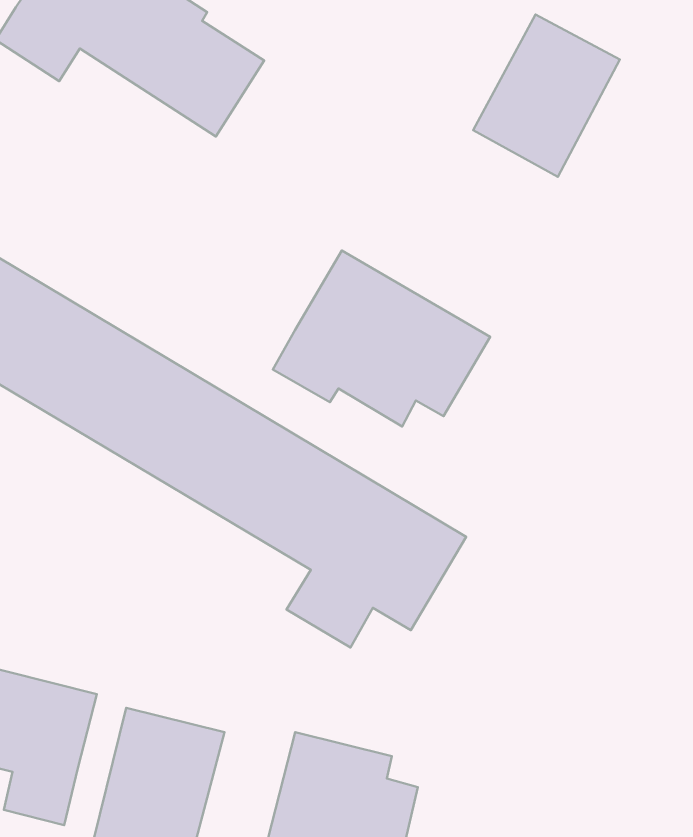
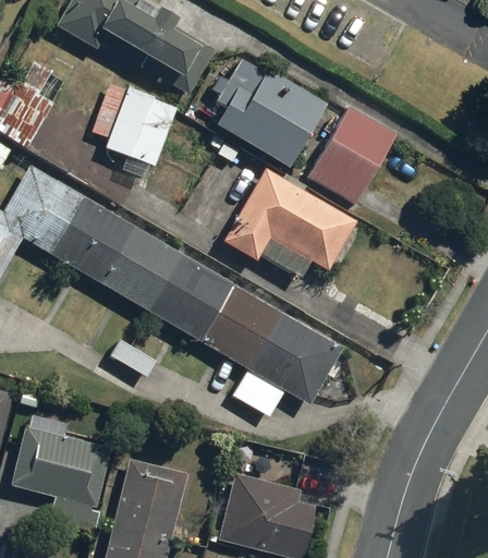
building: [473,15,620,177] -> [306,105,399,207]
building: none -> [210,58,327,168]
building: none -> [89,82,175,180]

